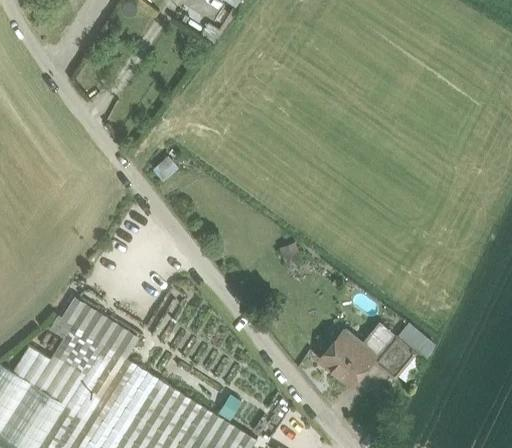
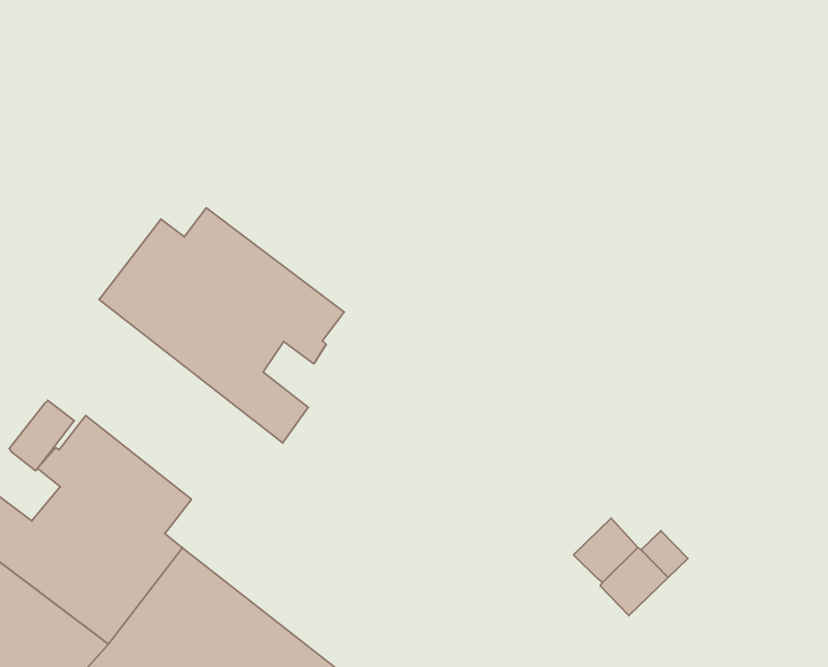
building: none -> [99,208,344,443]
building: none -> [9,400,74,471]
building: [320,332,374,385] -> none

